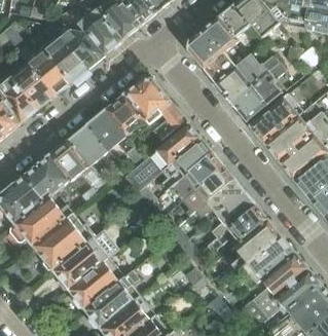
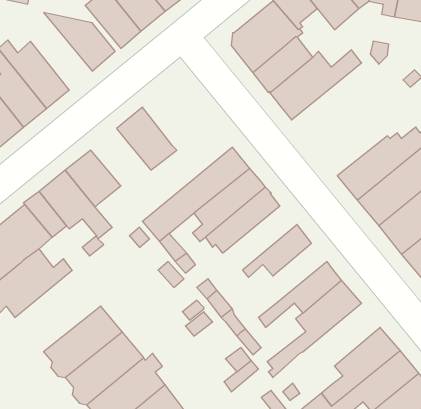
building: [37,27,88,82] -> none
building: [231,63,288,122] -> none
building: [124,78,186,141] -> none
building: [250,94,303,144] -> none
building: [87,110,144,164] -> none
building: [182,165,235,217] -> none
building: [212,192,257,237] -> none
building: [33,212,95,270] -> none
building: [238,235,295,286] -> none

